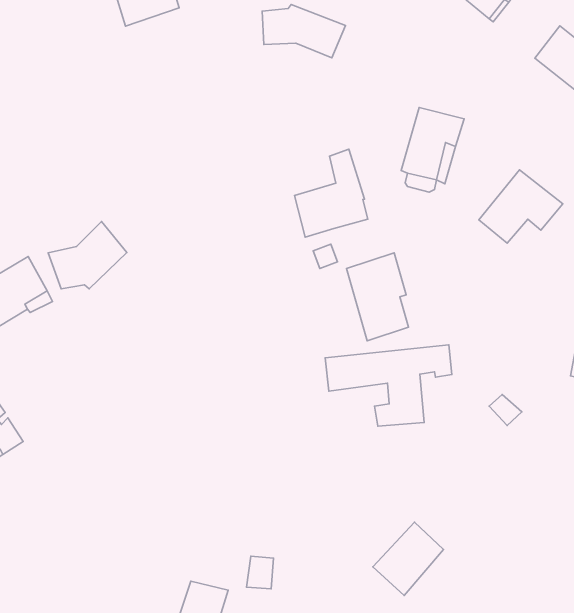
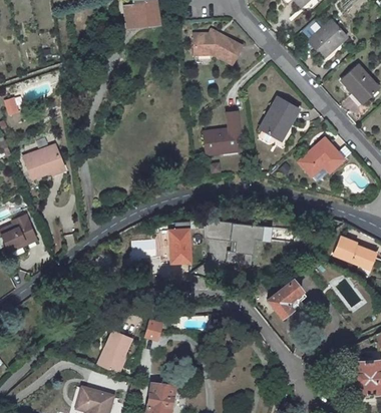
building: [48,221,127,289] -> none
building: [347,253,409,341] -> none
building: none -> [168,230,189,263]
building: [373,522,443,595] -> [266,280,305,318]

